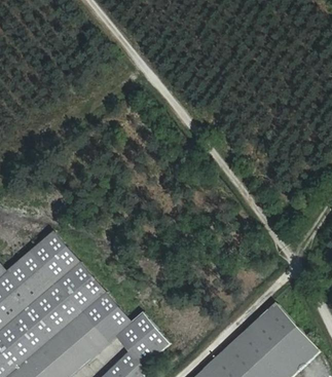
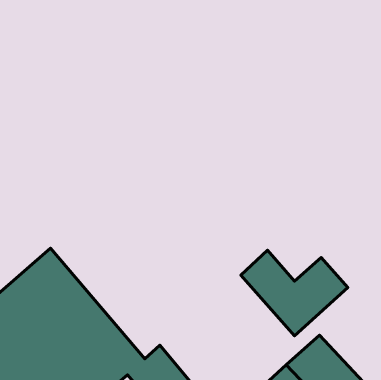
building: none -> [241,250,348,336]

